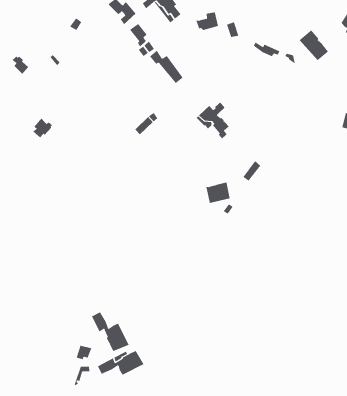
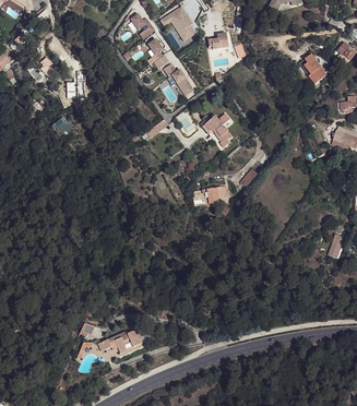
building: [91,312,129,352] -> none

